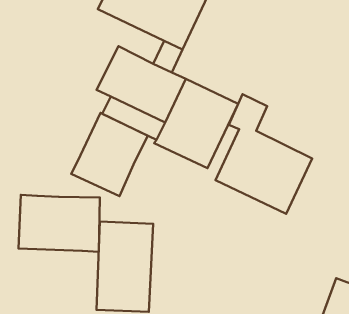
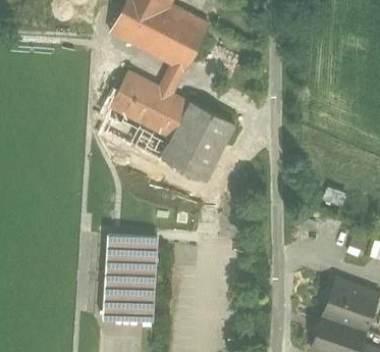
building: [216,94,312,214] -> none
building: [71,113,148,196] -> none
building: [19,195,100,252] -> none

